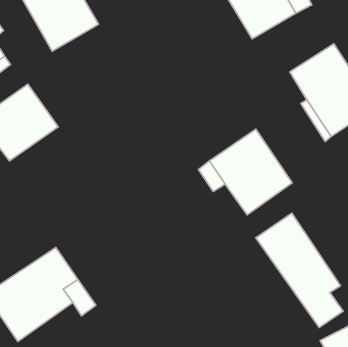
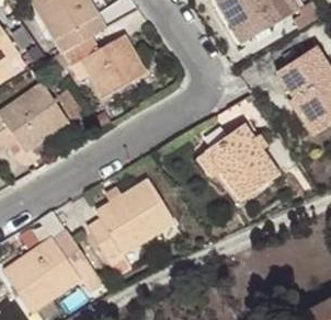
building: none -> [52,35,144,94]
building: none -> [88,181,172,274]
building: [256,213,343,328] -> none

